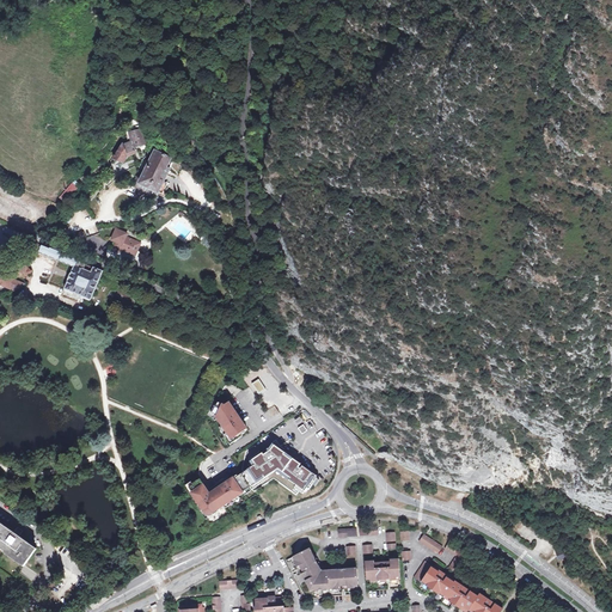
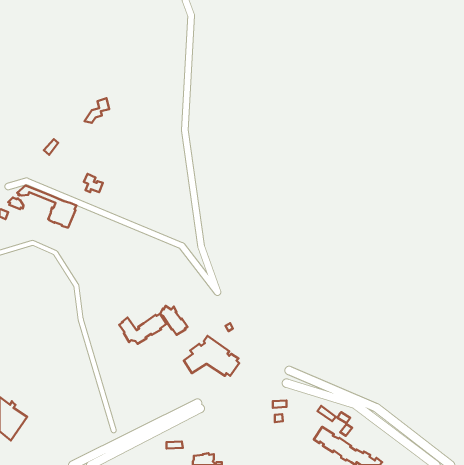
building: [131,151,169,194] -> none
building: [188,473,250,513] -> [119,314,166,344]
building: [293,549,356,589] -> none
building: [363,558,399,580] -> none

